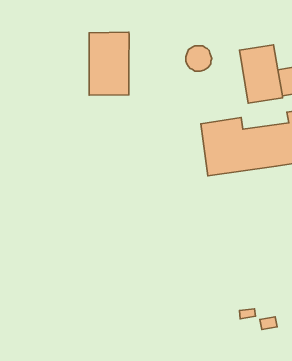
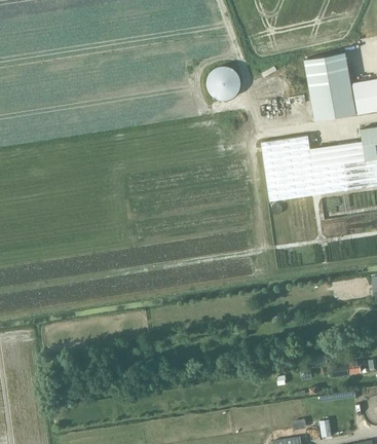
building: [89,32,129,95] -> none
building: [186,46,212,71] -> [211,70,240,99]

